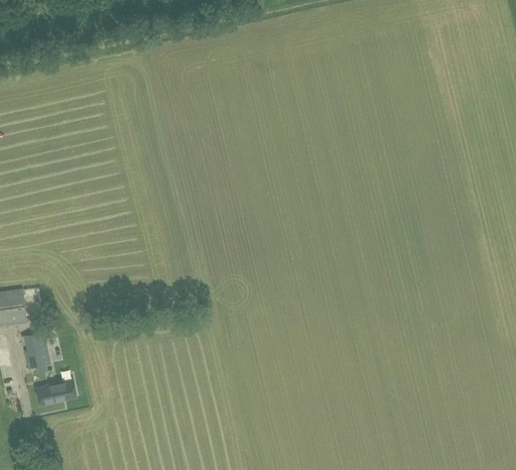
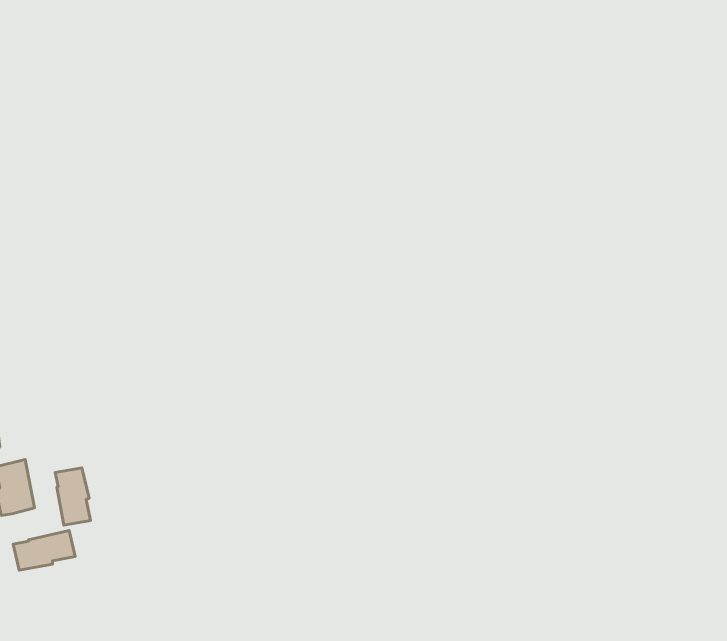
building: none -> [55,468,91,525]

